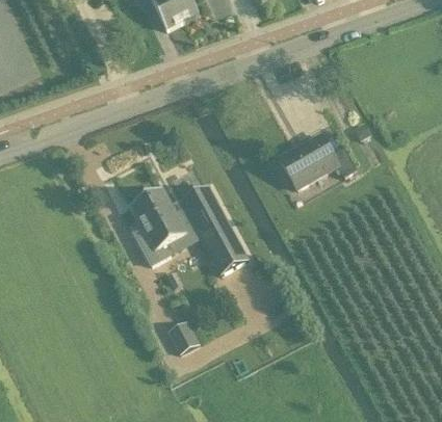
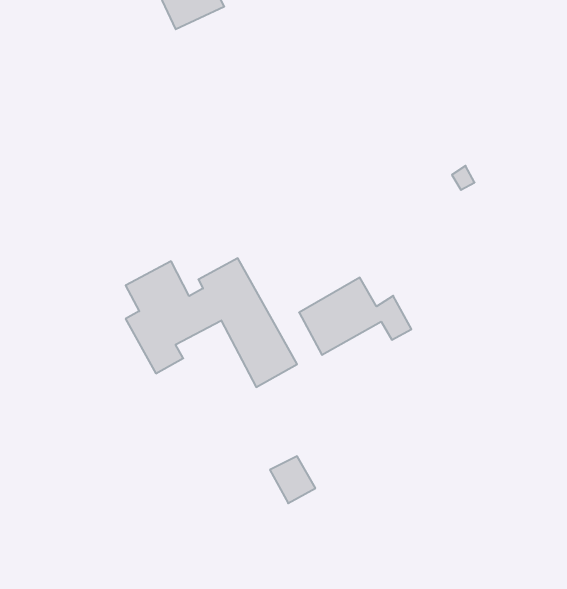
building: [280,133,357,186] -> [299,278,411,355]
building: [168,320,200,352] -> [270,456,315,503]

